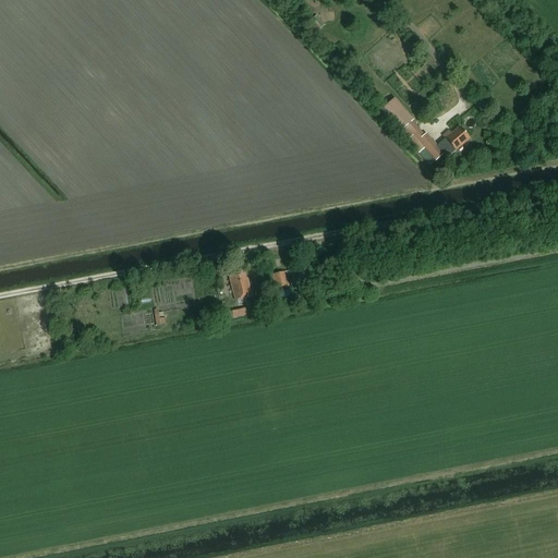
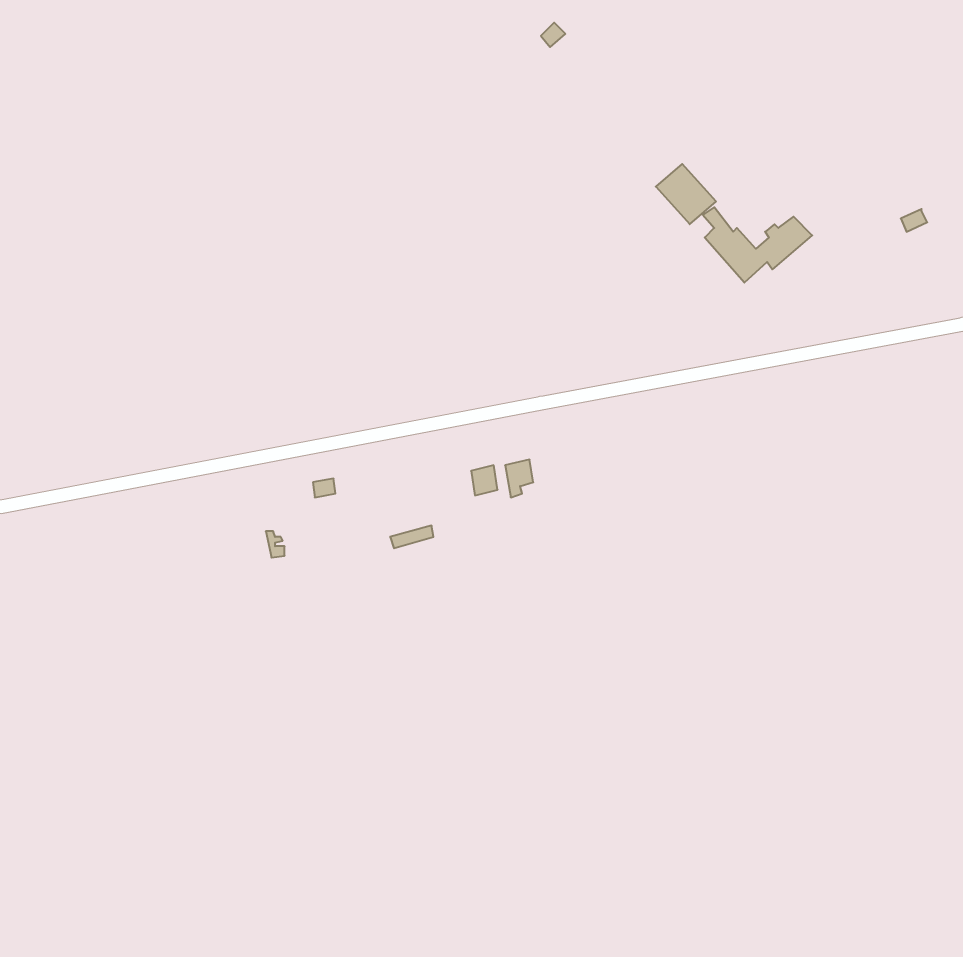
building: [228,269,252,299] -> none

